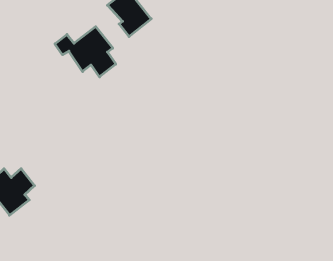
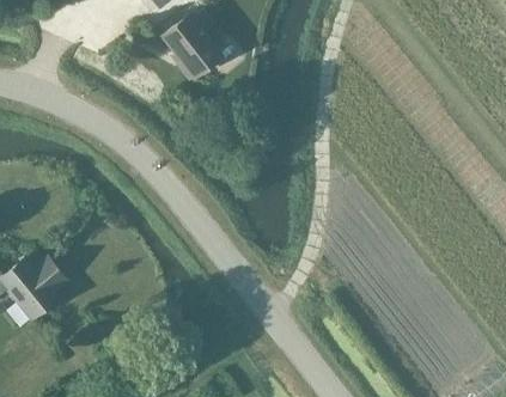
building: [55,27,116,77] -> none

